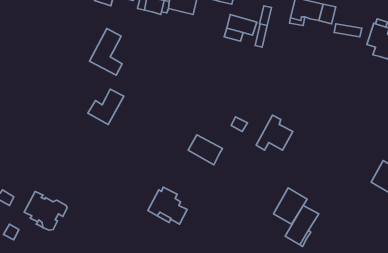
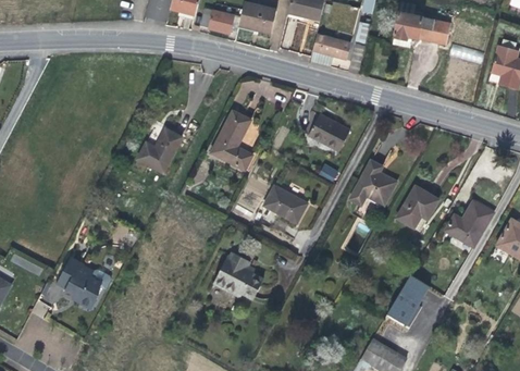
building: [90,29,122,75] -> [210,110,251,169]
building: none -> [308,113,349,150]
building: none -> [444,200,493,246]
building: [274,188,307,224] -> [396,185,438,231]

